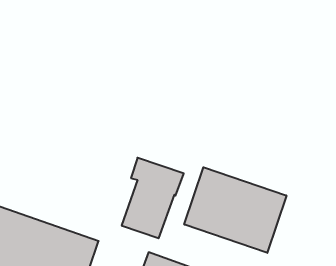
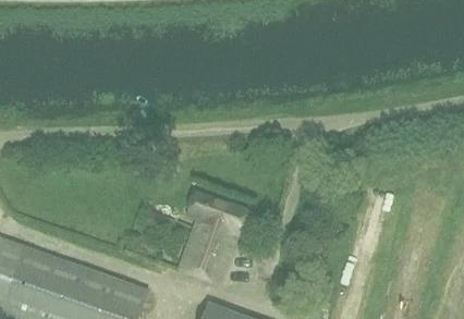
building: [184,167,286,253] -> none

